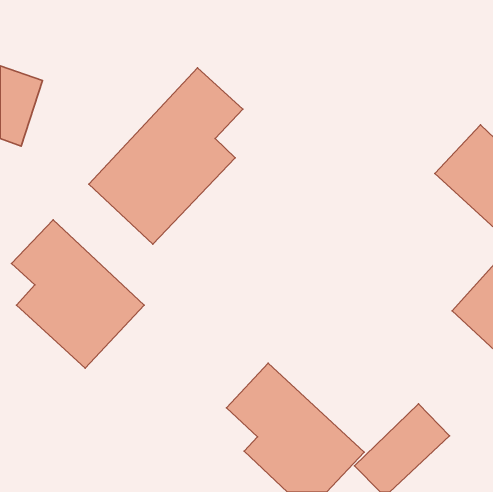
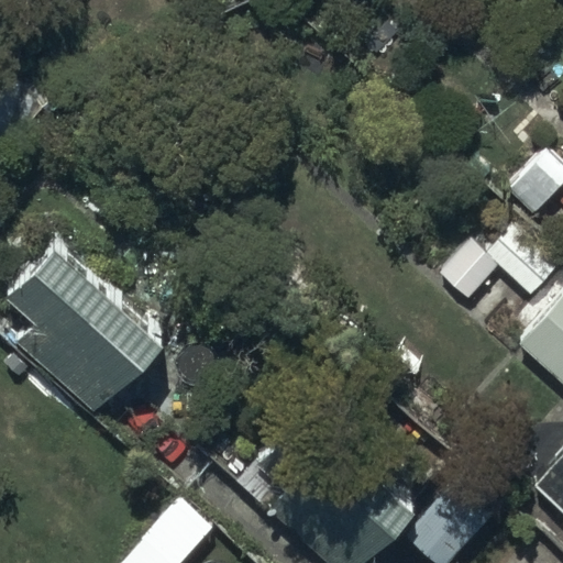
building: [89,68,243,244] -> none

